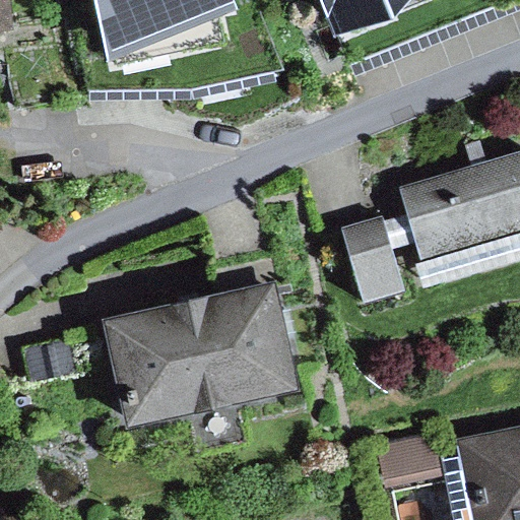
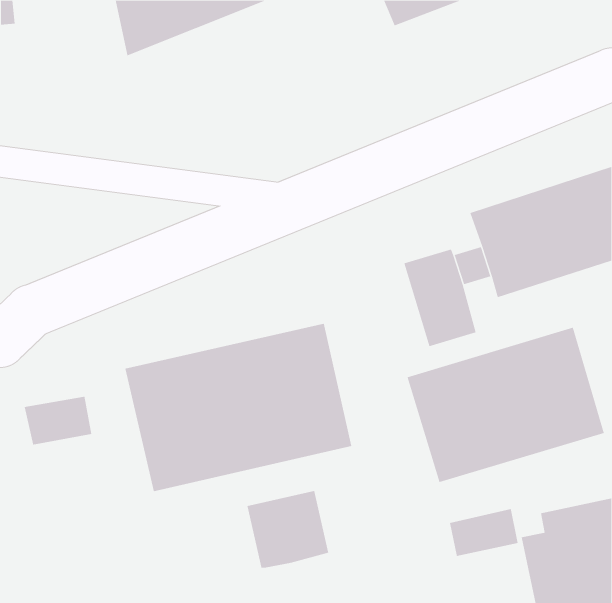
building: none -> [407,327,605,483]
building: none -> [247,490,329,569]

